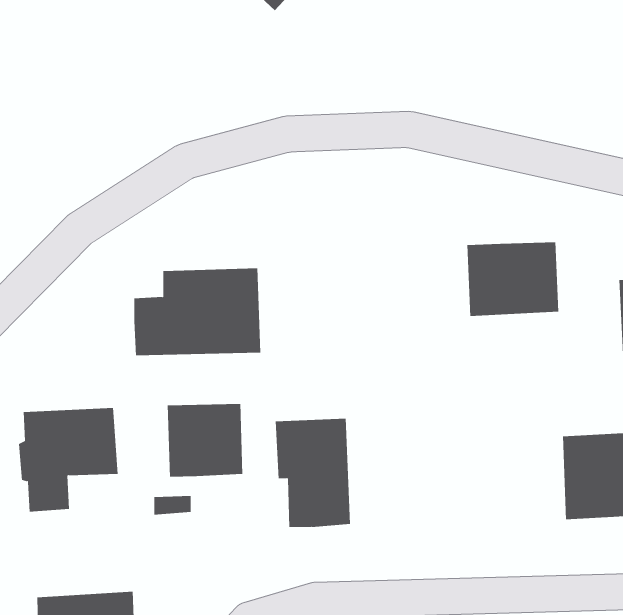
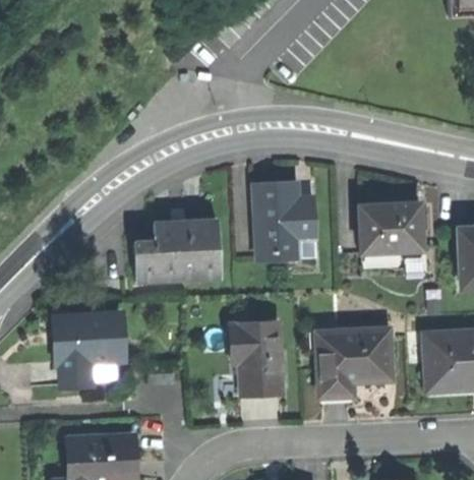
building: none -> [254,184,316,260]
building: [167,403,243,478] -> none
building: none -> [316,328,389,397]

